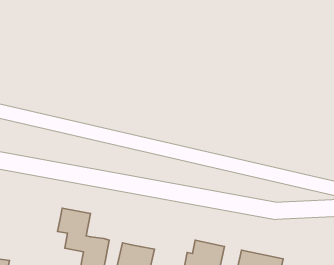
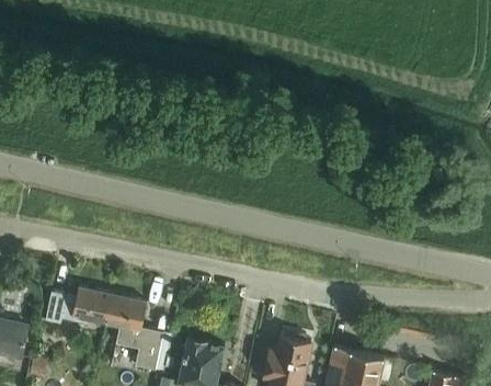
building: none -> [45,287,112,322]

